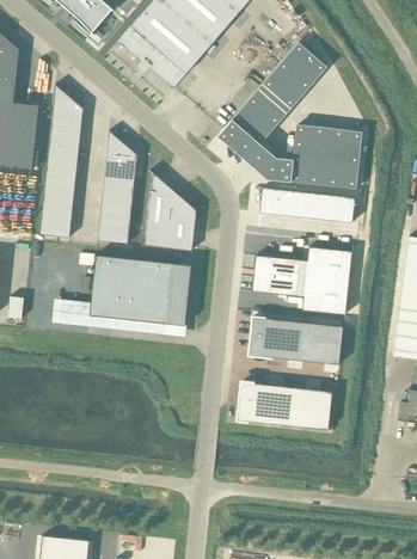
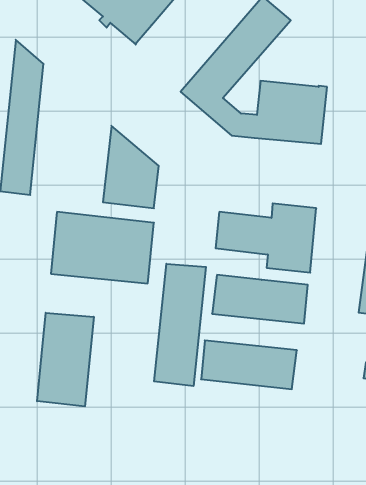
building: [98,131,136,244] -> none
building: [259,186,355,222] -> none
building: none -> [154,264,206,386]
building: none -> [37,313,94,406]

